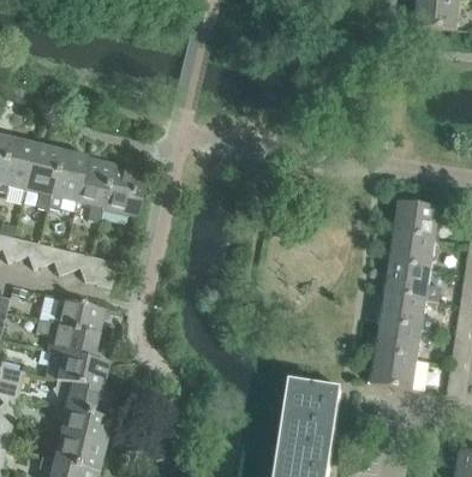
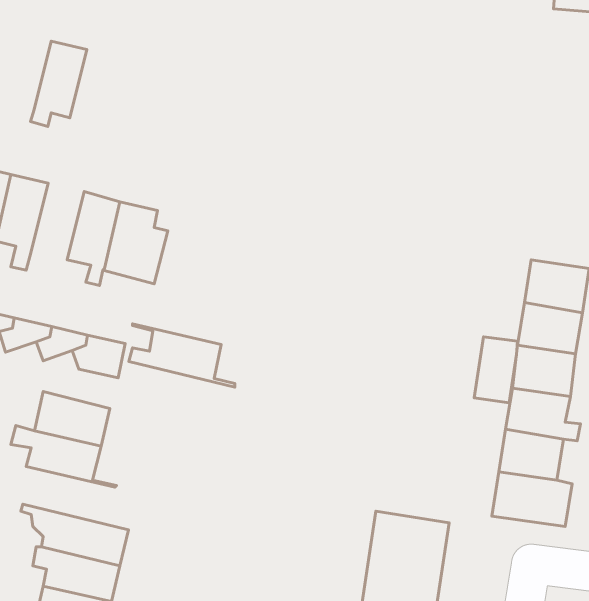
building: [44,148,84,208] -> [31,41,87,127]
building: none -> [474,337,517,403]
building: [41,347,115,392] -> [129,324,235,387]

